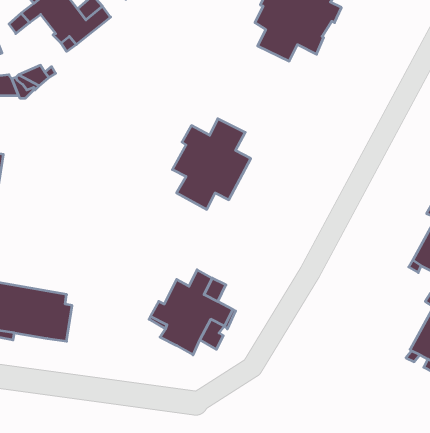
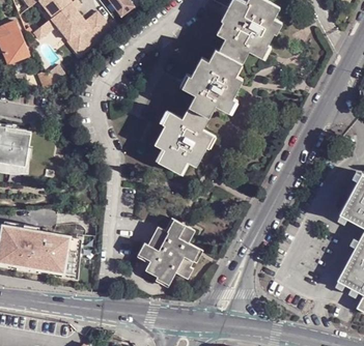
building: none -> [185,48,245,115]

